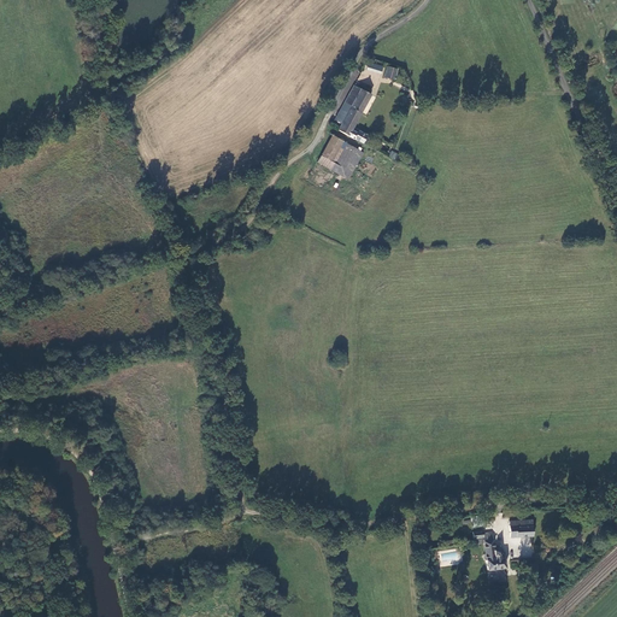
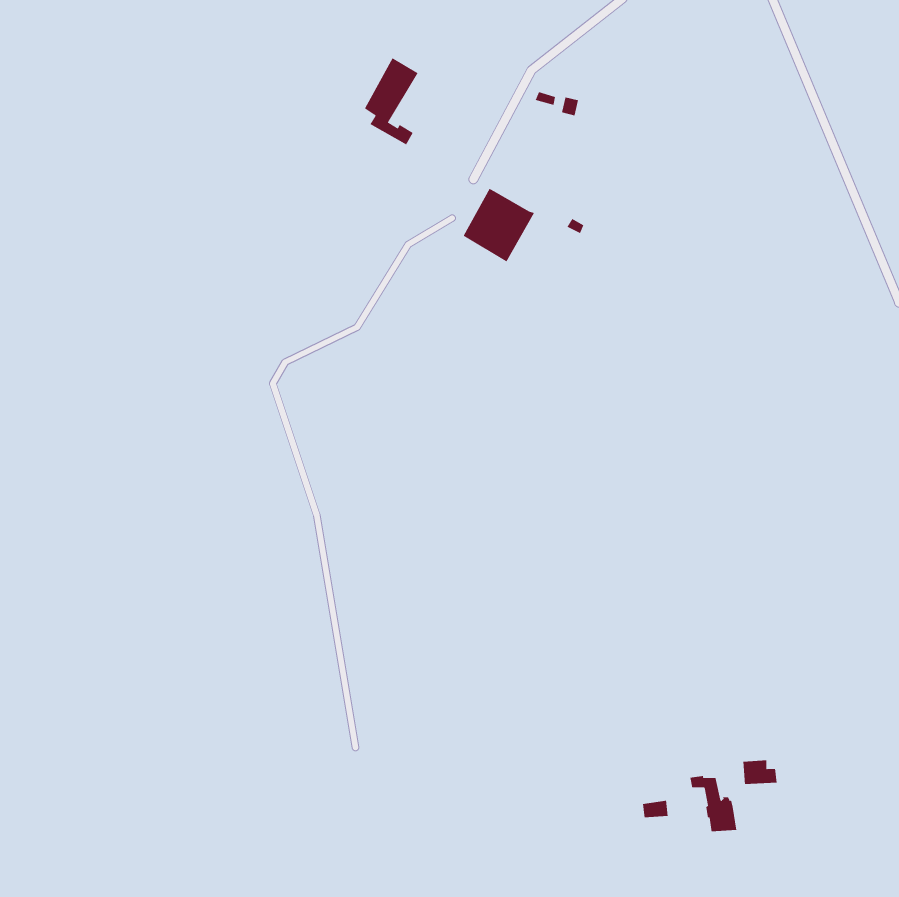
building: [334,84,371,145] -> [364,57,419,145]

